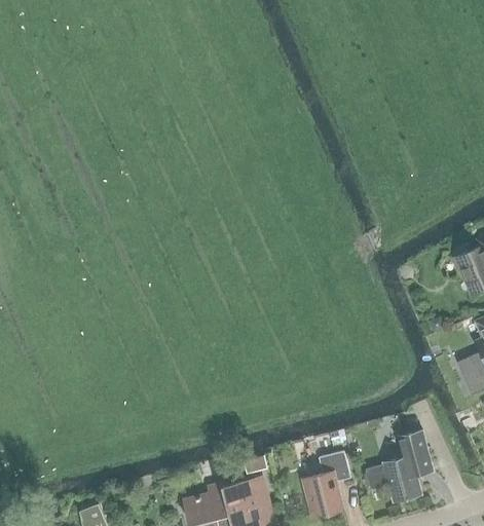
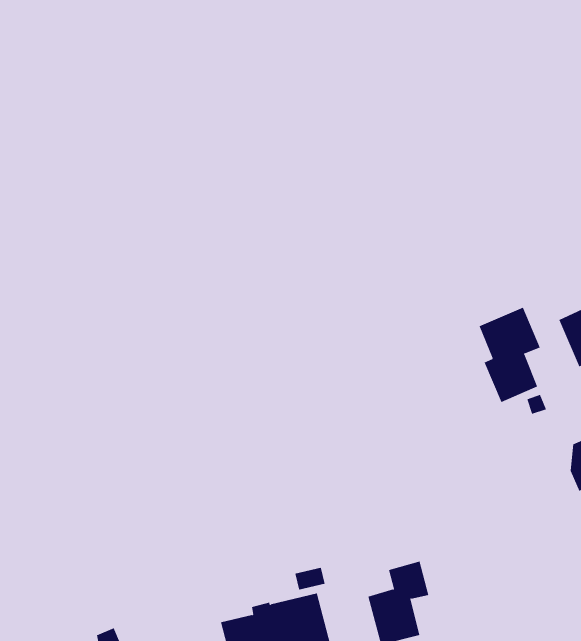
building: none -> [479,307,541,403]
building: [365,430,433,502] -> none

